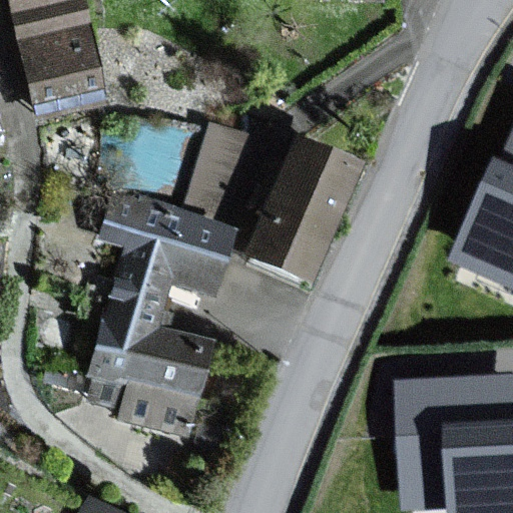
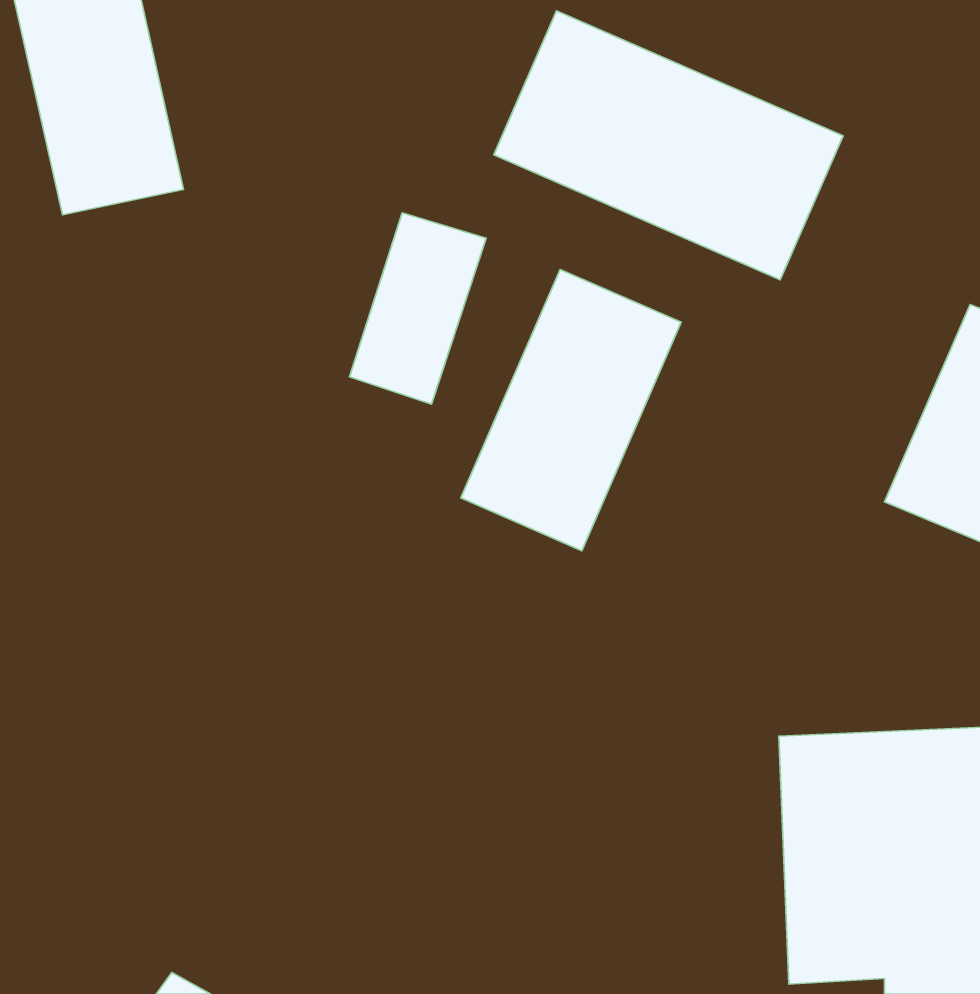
building: none -> [494,11,843,280]
building: [84,195,233,438] -> none

